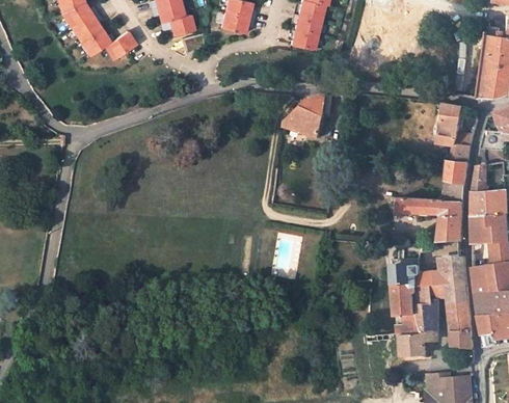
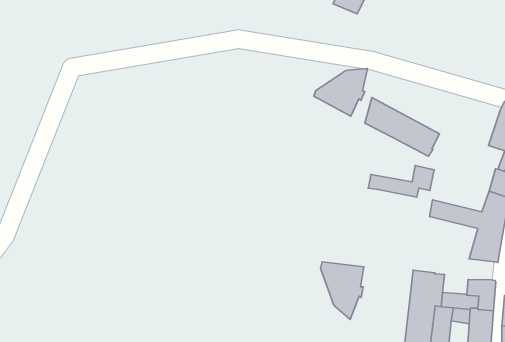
building: none -> [365,98,440,156]
building: none -> [368,166,434,197]
building: none -> [320,262,364,319]

